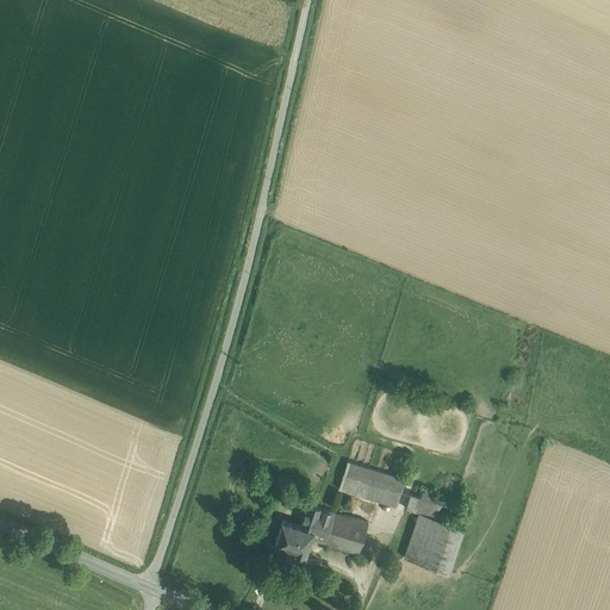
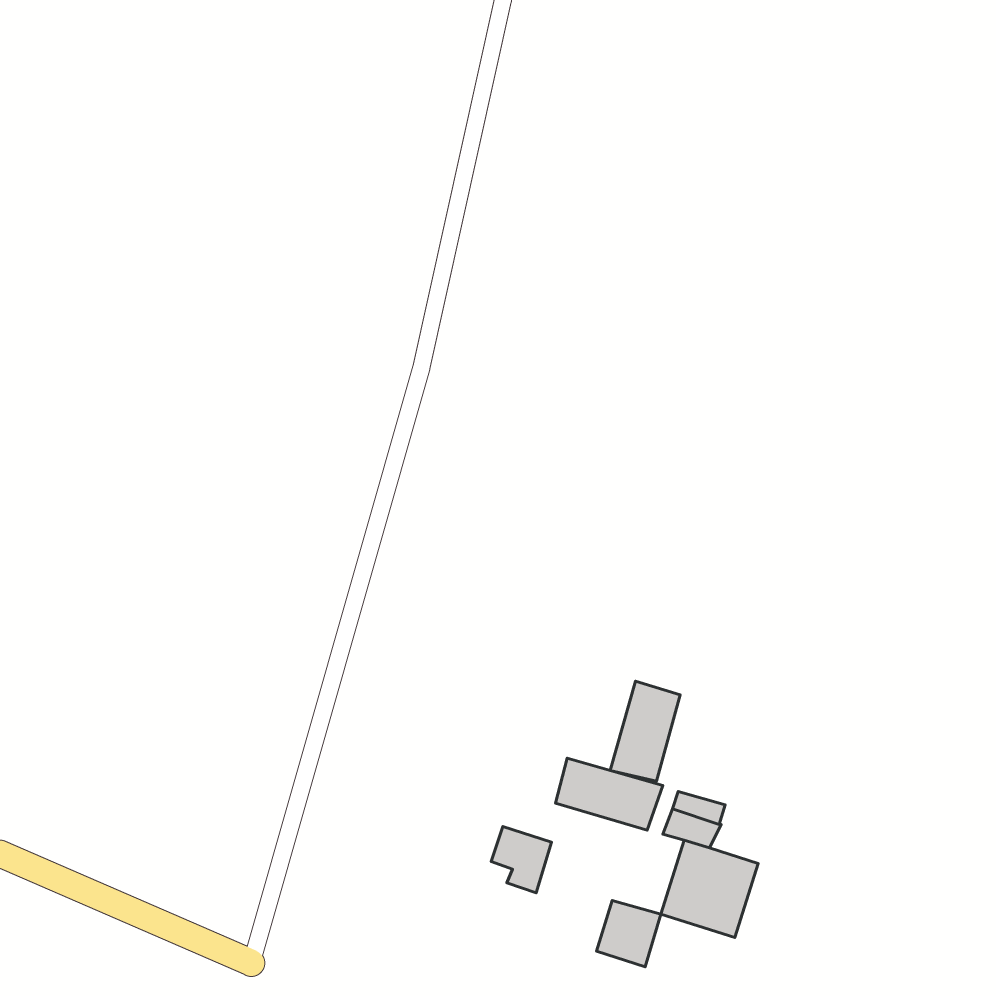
building: none -> [610,681,680,781]
building: [328,515,367,555] -> [596,900,661,967]
building: [274,521,313,556] -> none

